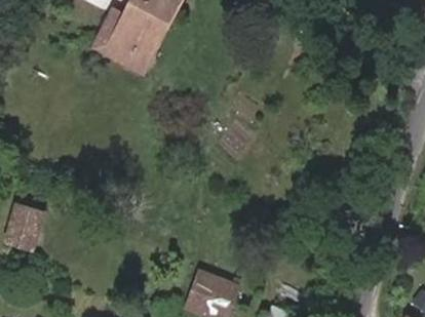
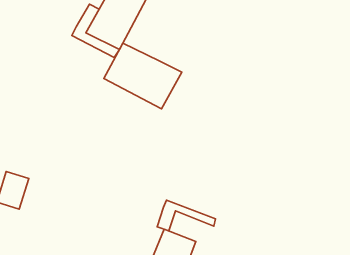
building: none -> [104,43,182,109]
building: none -> [157,200,215,231]

